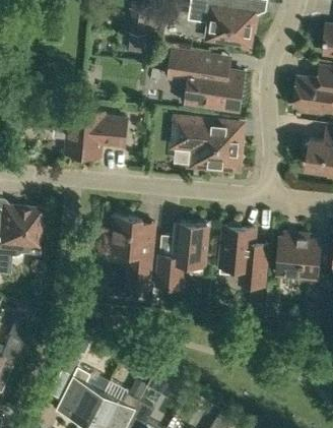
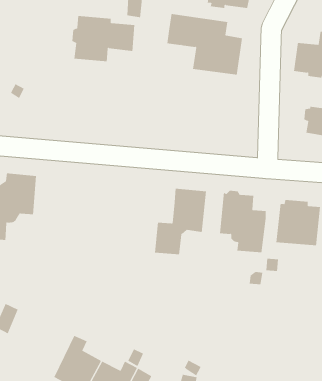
building: [64,110,127,156] -> [71,16,135,62]
building: [173,117,243,170] -> none
building: [109,216,155,289] -> none

